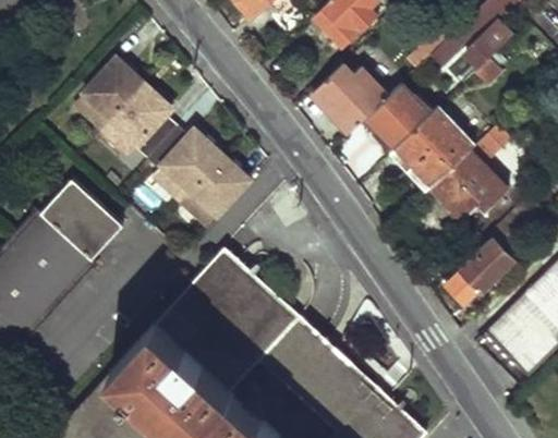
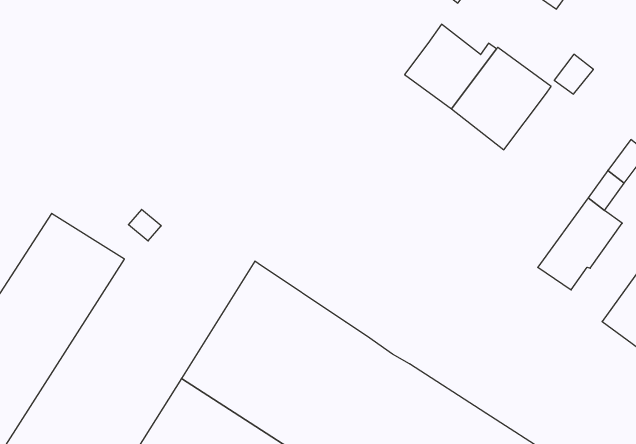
building: [77,57,251,224] -> none
building: [311,64,386,133] -> none
building: [430,151,509,221] -> none

